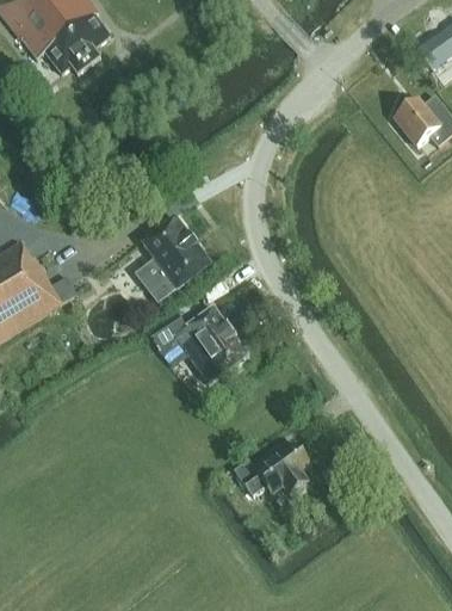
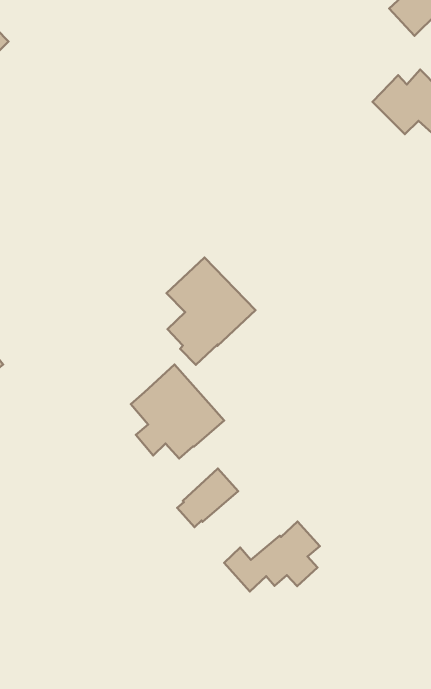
building: [138,217,210,302] -> [167,257,256,365]
building: none -> [177,469,238,527]

